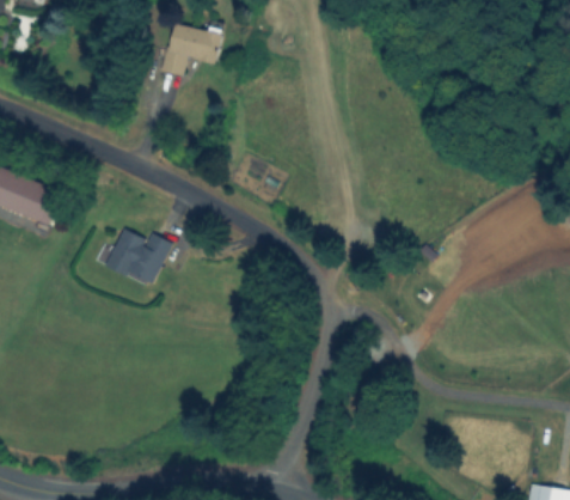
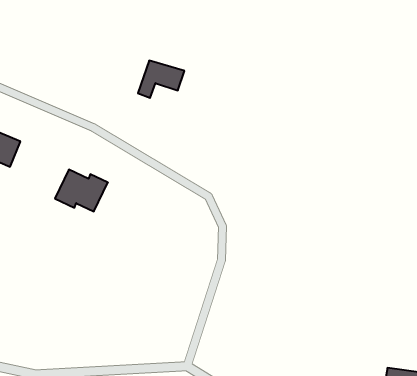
building: [163,25,222,73] -> [138,61,184,98]

